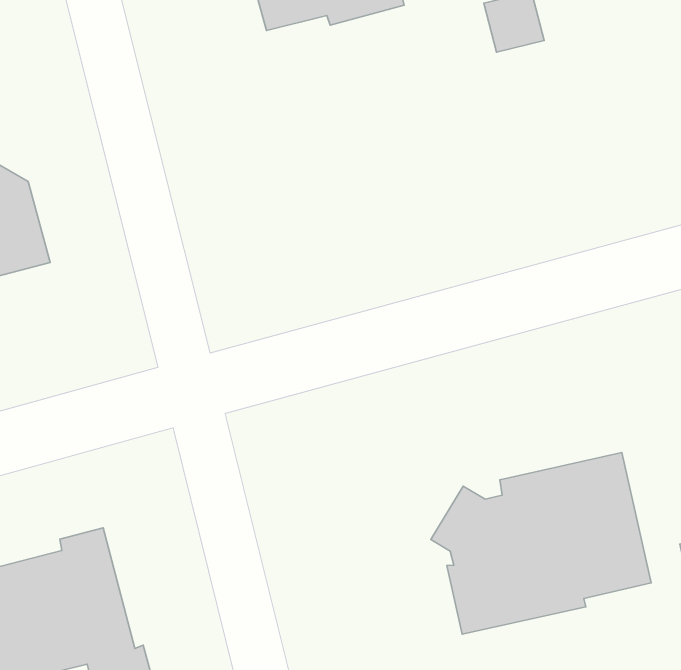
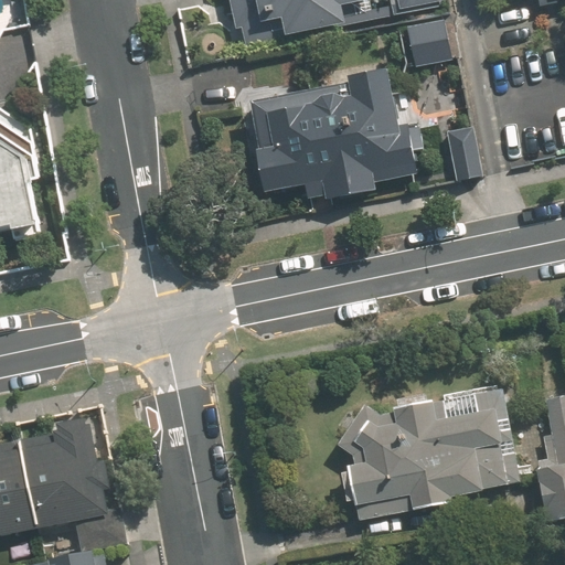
building: none -> [249,76,418,205]
building: none -> [444,118,484,175]

